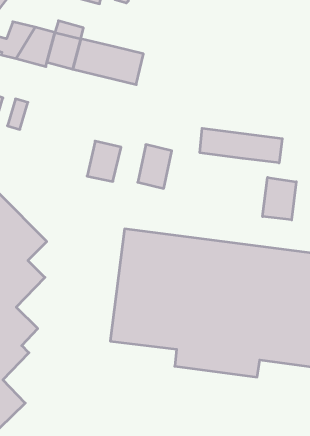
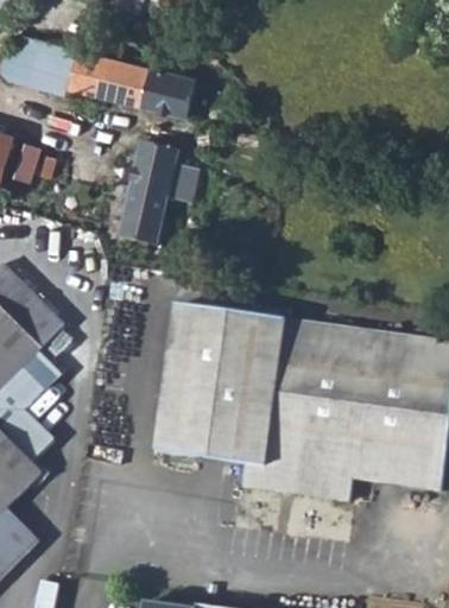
building: [200,128,282,163] -> none
building: [138,145,172,188] -> [133,140,178,198]
building: [263,177,296,220] -> none

